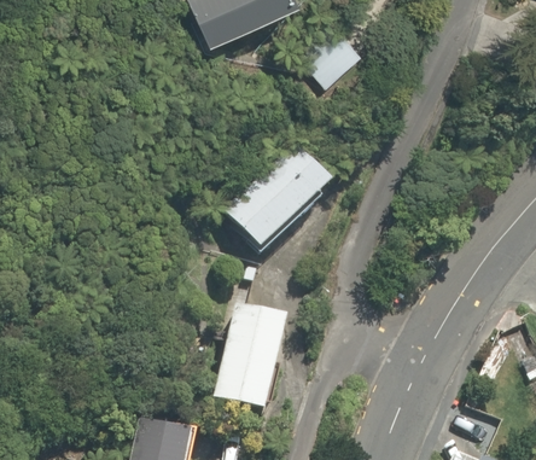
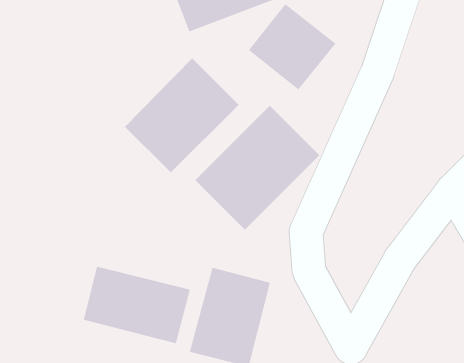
building: none -> [124,57,239,173]
building: none -> [83,266,191,344]

